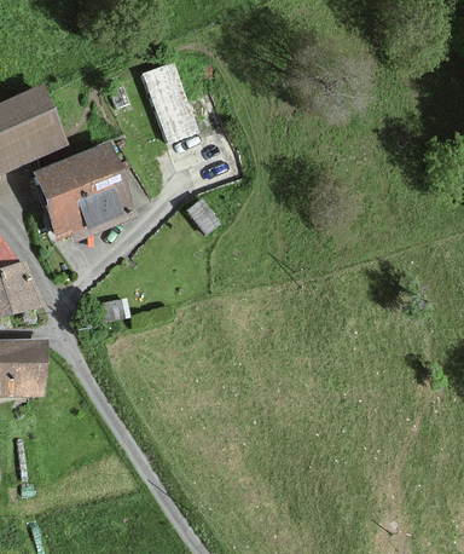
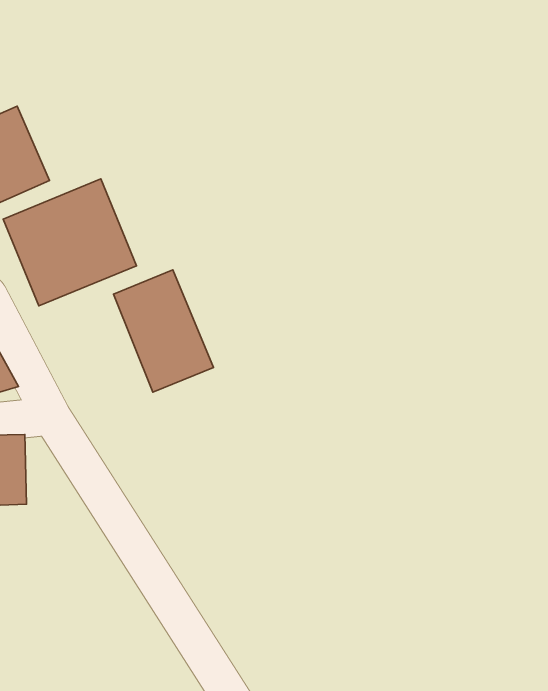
building: [141,60,197,140] -> none
building: none -> [114,270,213,392]

